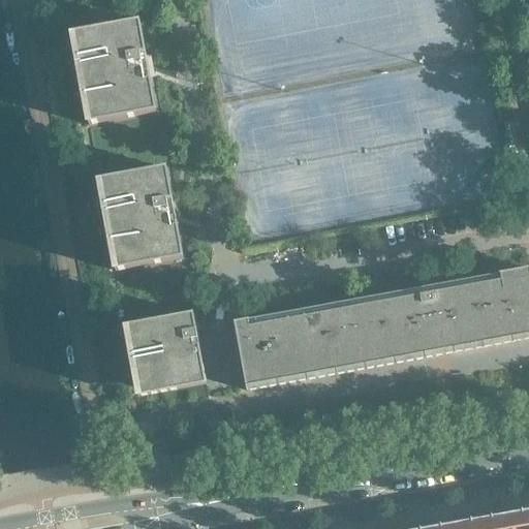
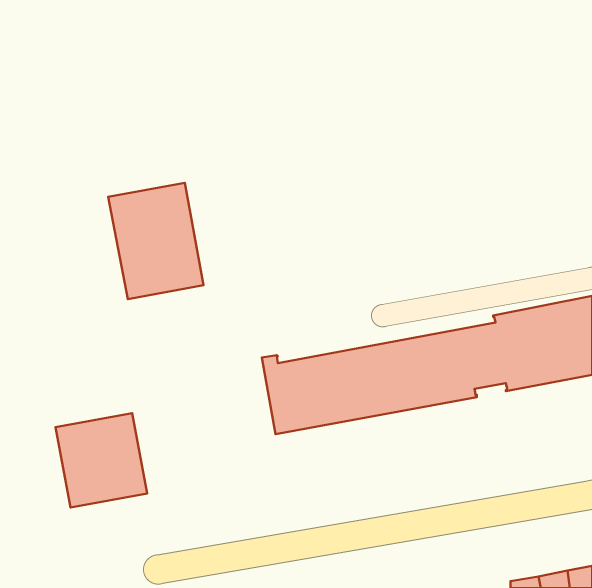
building: [69,17,154,120] -> none
building: [123,309,205,393] -> [55,413,147,507]

